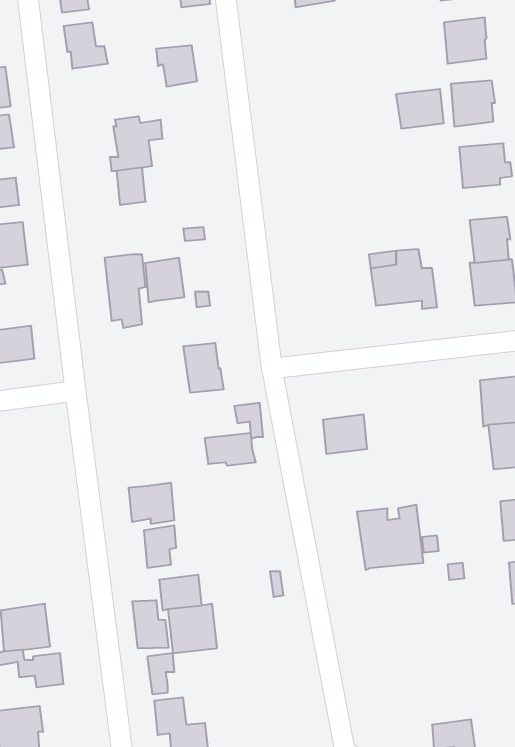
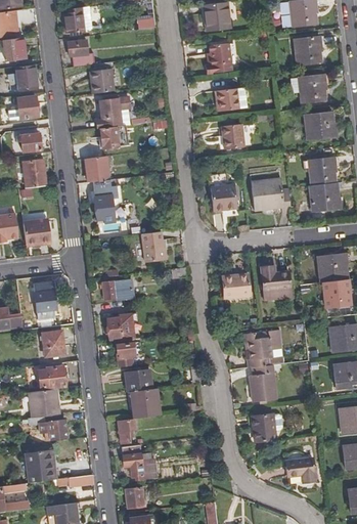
building: none -> [210,42,232,72]
building: [156,45,197,86] -> [89,69,114,93]
building: [396,89,444,128] -> [217,85,246,108]
building: none -> [222,122,244,147]
building: [145,258,184,302] -> [85,155,108,181]
building: none -> [211,181,238,209]
building: none -> [261,265,292,298]
building: none -> [34,280,56,319]
building: [205,433,256,466] -> [102,279,133,299]
building: none -> [42,330,64,356]
building: none -> [250,364,276,402]
building: none -> [40,365,66,388]
building: [132,600,169,648] -> none
building: none -> [252,413,282,441]

